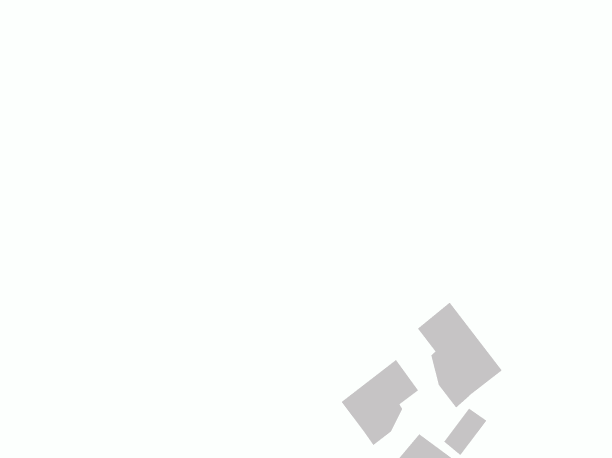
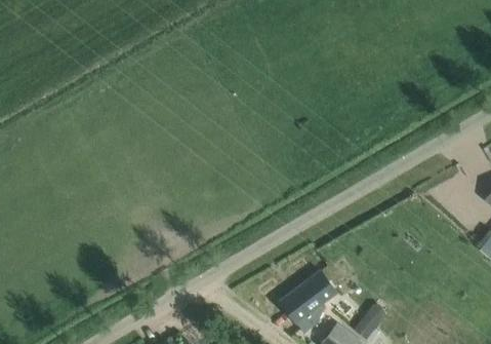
building: [417,302,503,408] -> none

